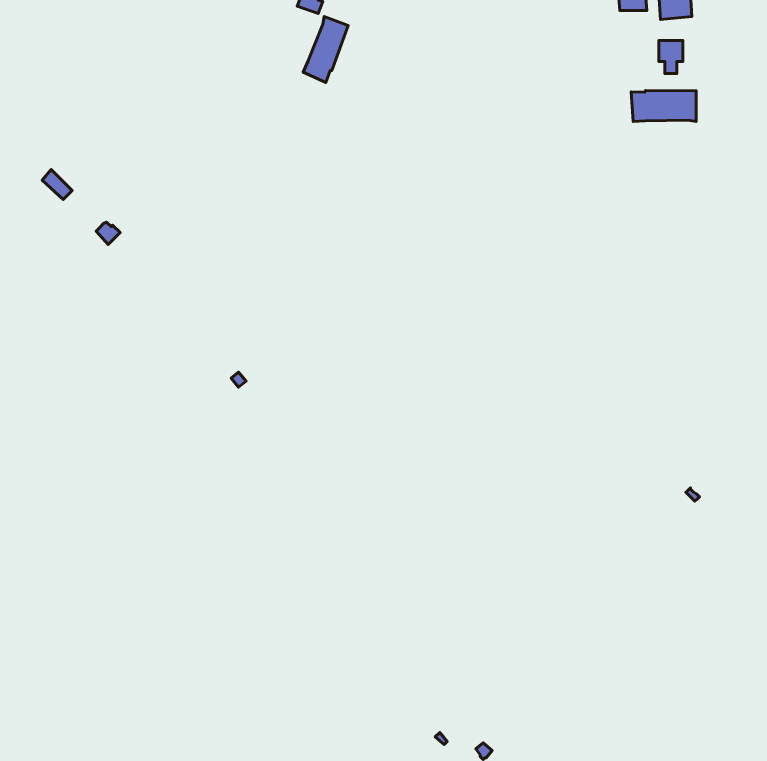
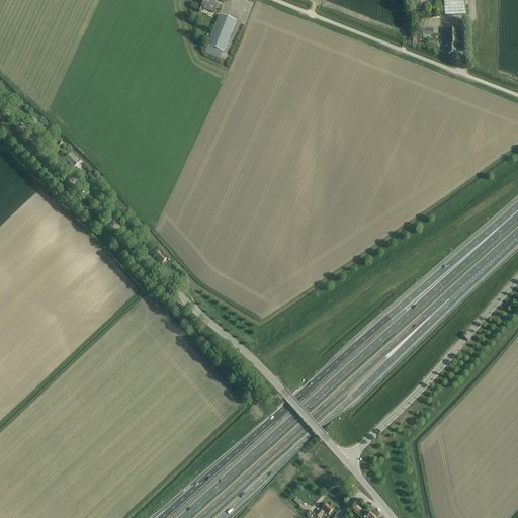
building: [631,90,696,122] -> none

